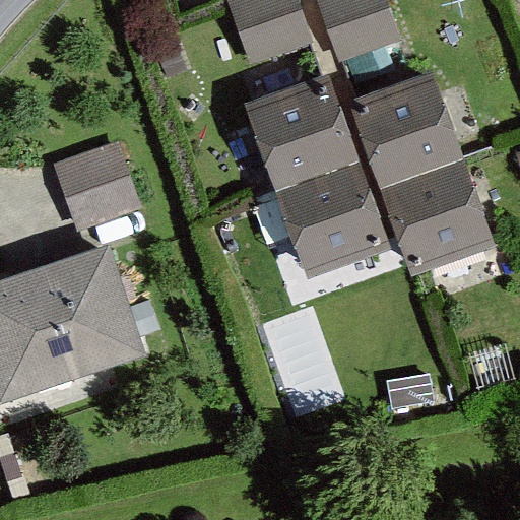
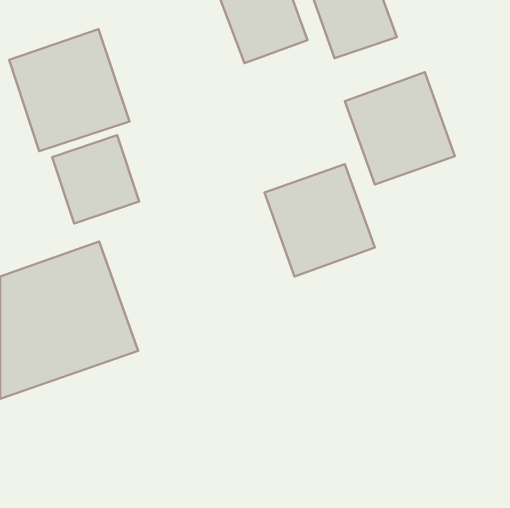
building: none -> [9,29,129,151]
building: [241,82,351,195] -> none
building: [382,158,493,271] -> none

